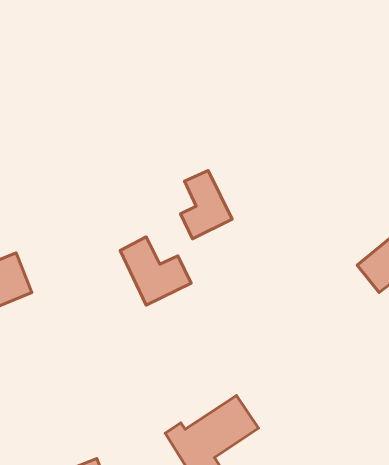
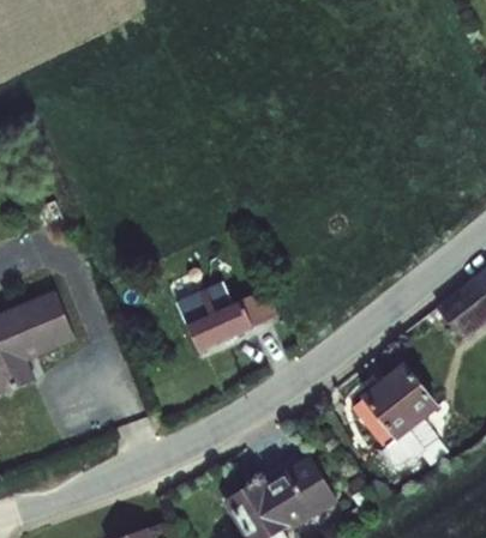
building: [181,170,232,239] -> none
building: none -> [350,362,437,461]

